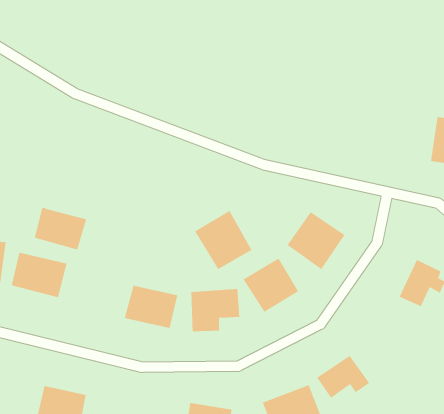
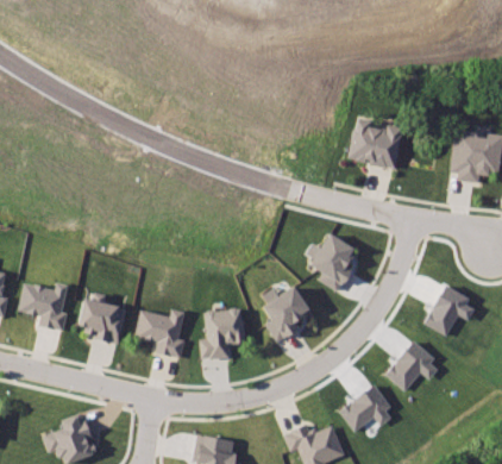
building: none -> [357,120,415,173]
building: [34,207,87,251] -> [77,297,133,344]
building: [194,210,252,270] -> none
building: none -> [383,340,439,390]

